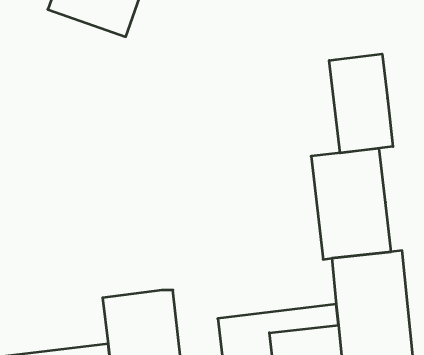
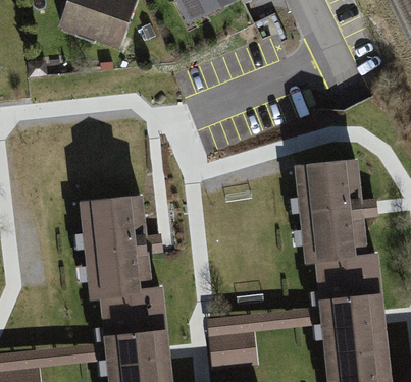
building: [329,54,393,153] -> none
building: none -> [80,195,154,297]

